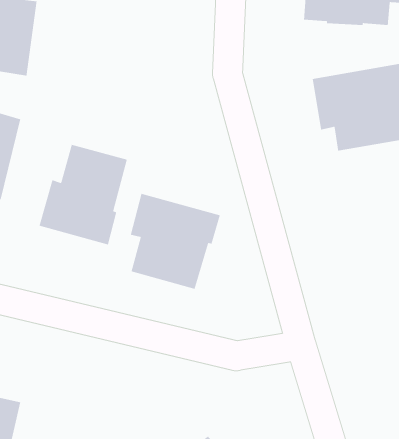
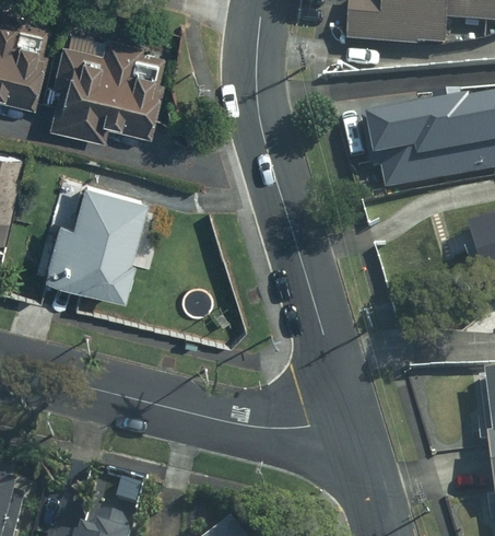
building: none -> [56,33,157,139]
building: [130,193,221,290] -> none

